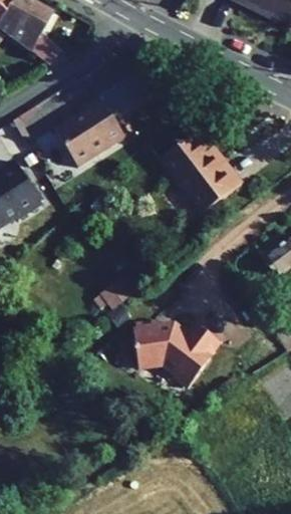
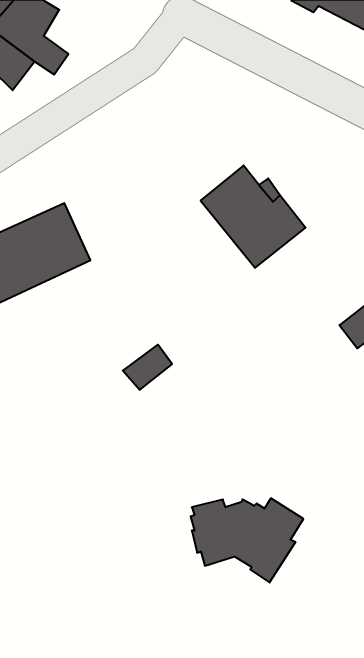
building: [52,92,125,169] -> none
building: [130,317,218,382] -> [191,498,303,583]

